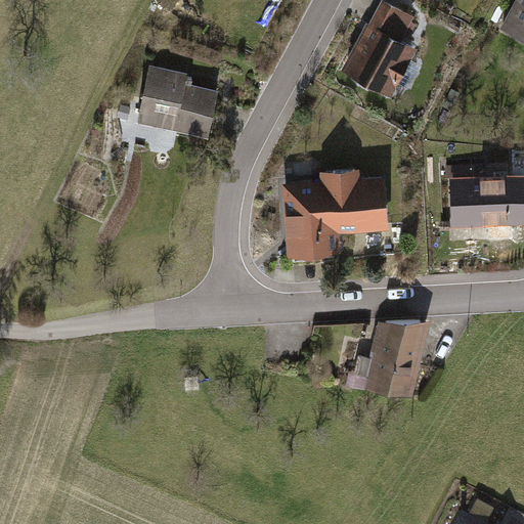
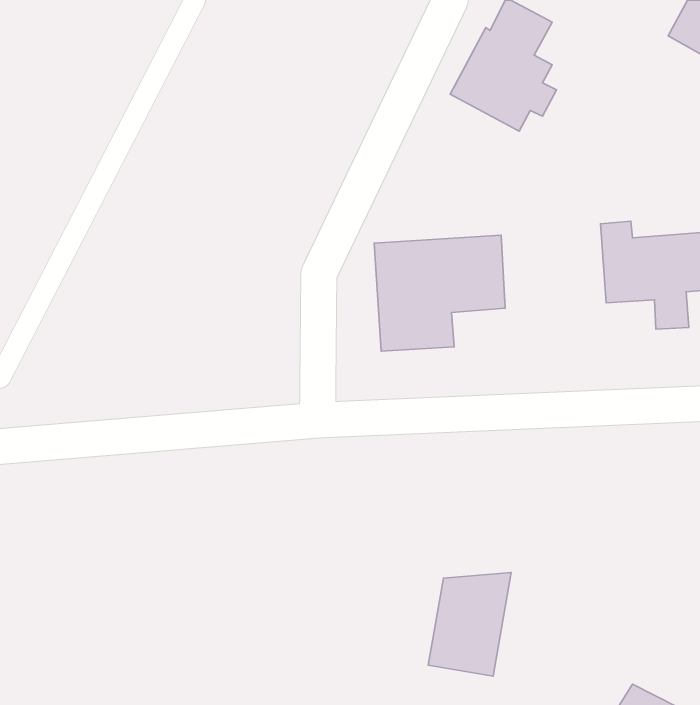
building: [138,66,220,138] -> none
building: [367,316,429,393] -> [428,573,511,676]

